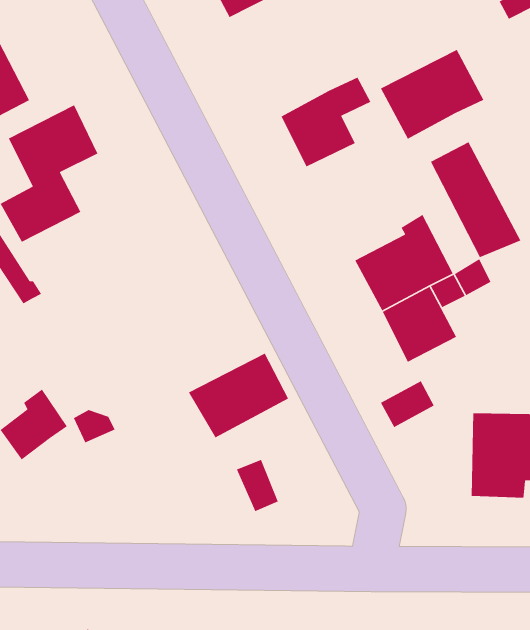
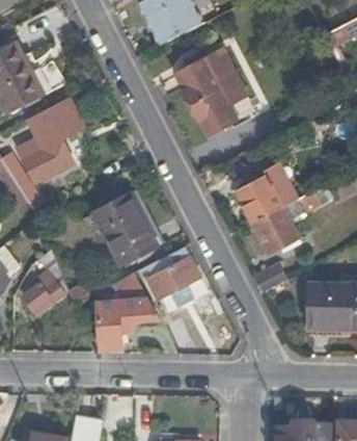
building: [380,49,485,140] -> [176,50,240,105]
building: [430,141,522,258] -> none
building: none -> [92,192,158,265]
building: none -> [98,275,158,348]

